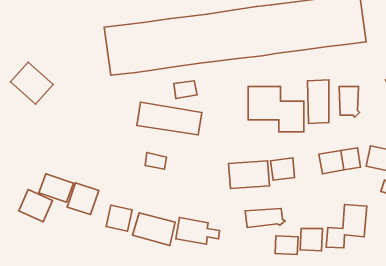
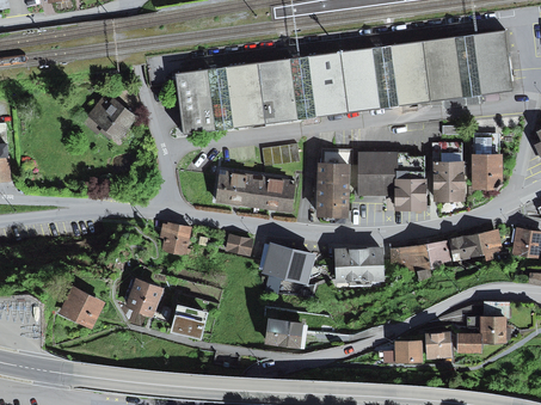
building: [11,62,53,104] -> [86,88,141,142]
building: none -> [320,162,350,215]
building: none -> [158,222,190,257]
building: none -> [414,239,448,268]
building: [39,174,74,202] -> none
building: [245,208,285,227] -> none
building: [133,213,175,245] -> [259,243,314,284]

